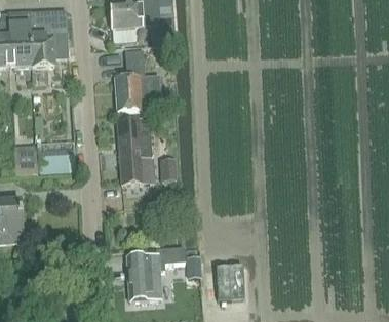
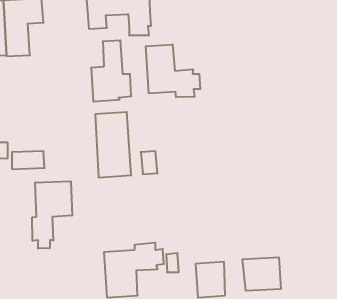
building: none -> [146,44,200,97]
building: none -> [32,181,72,249]
building: none -> [242,257,281,291]

